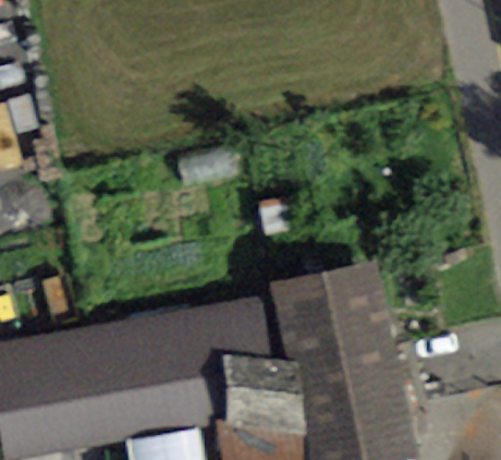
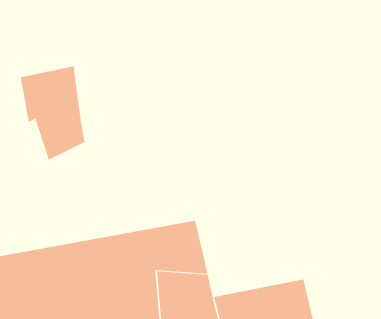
building: none -> [20,65,85,161]
building: [266,257,400,387] -> none

